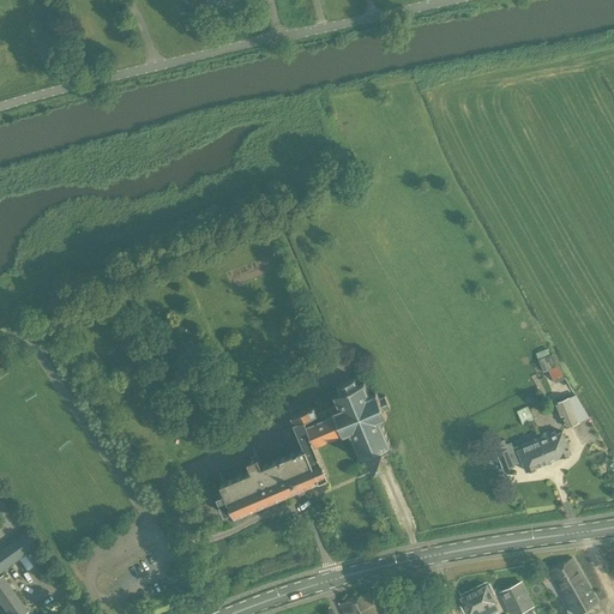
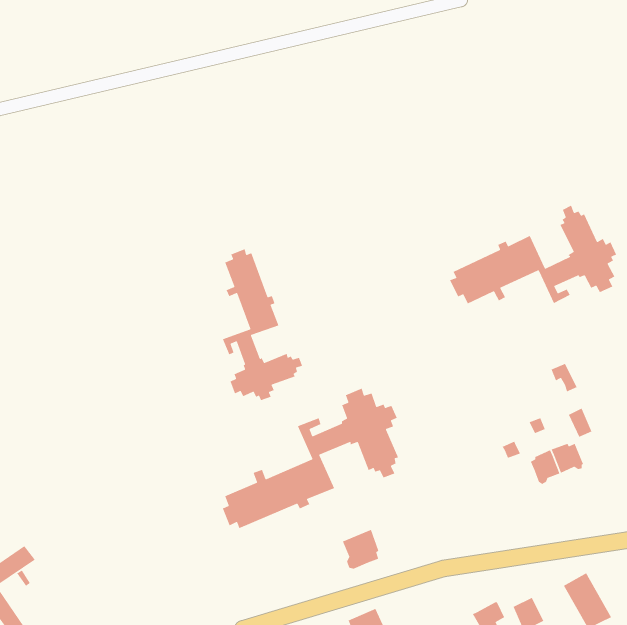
building: none -> [449,205,617,304]
building: none -> [222,248,303,401]
building: none -> [342,529,379,569]

